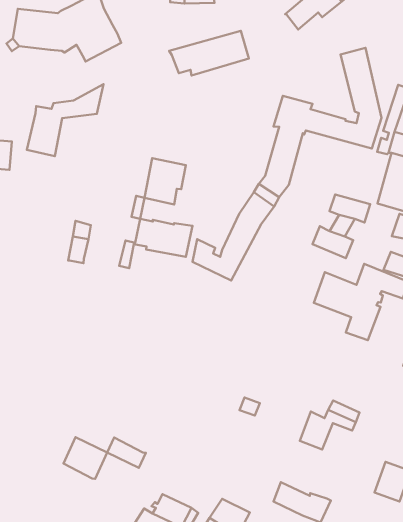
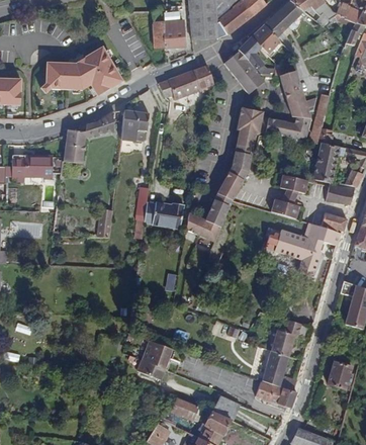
building: none -> [222,51,263,94]
building: [145,158,186,204] -> [120,110,148,142]
building: [63,437,107,479] -> [140,340,170,368]
building: none -> [261,350,296,390]

